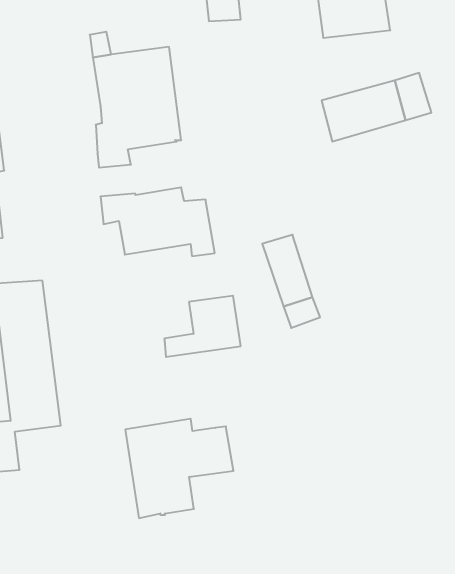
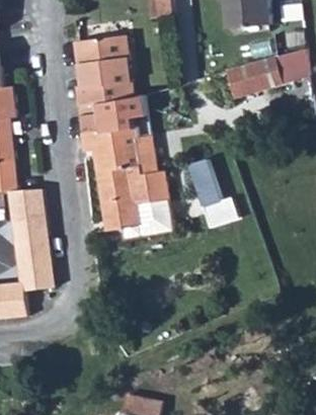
building: none -> [79,94,150,137]
building: [125,419,234,518] -> [96,165,168,231]

